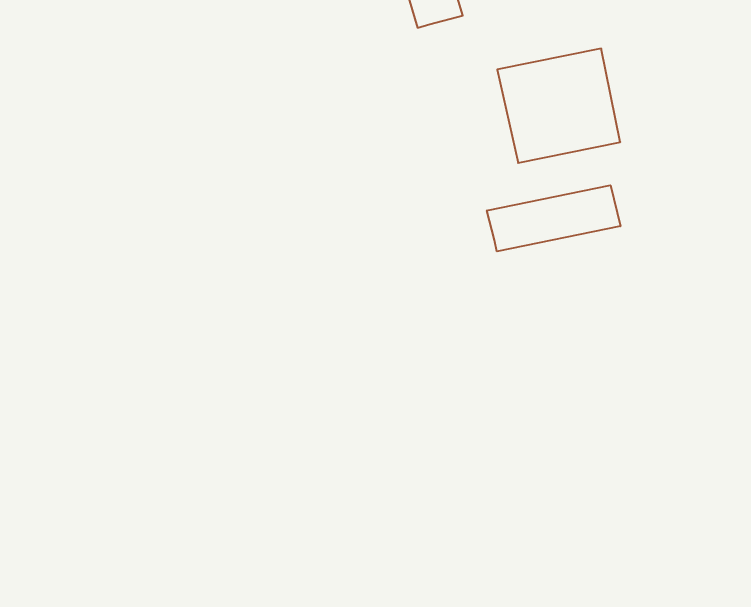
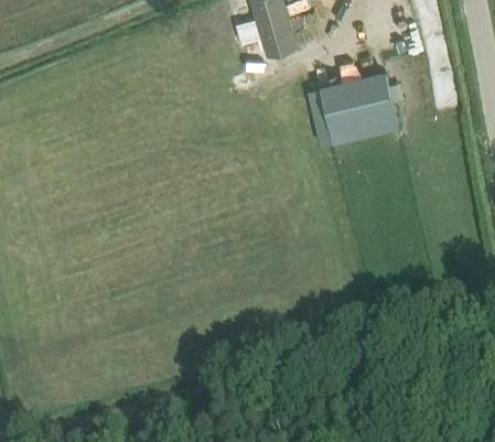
building: [487,185,620,251] -> none

